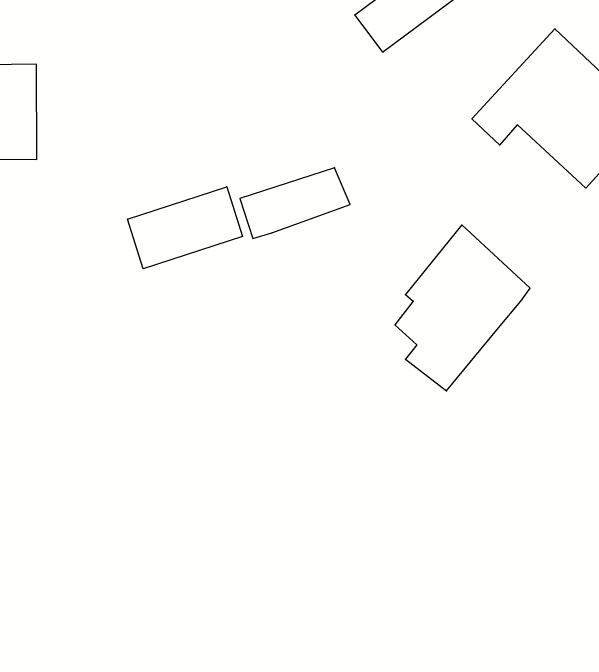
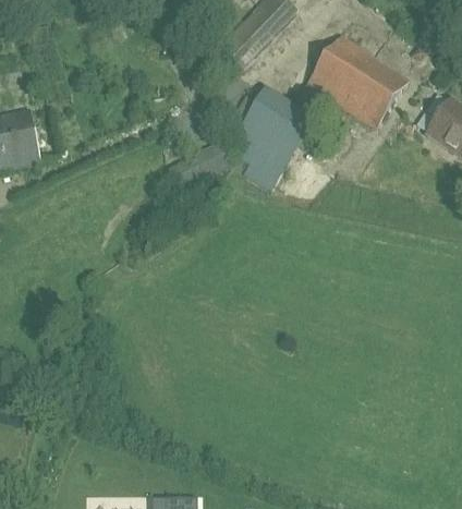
building: [127,187,243,269] -> none
building: [395,225,530,391] -> [232,85,311,187]

